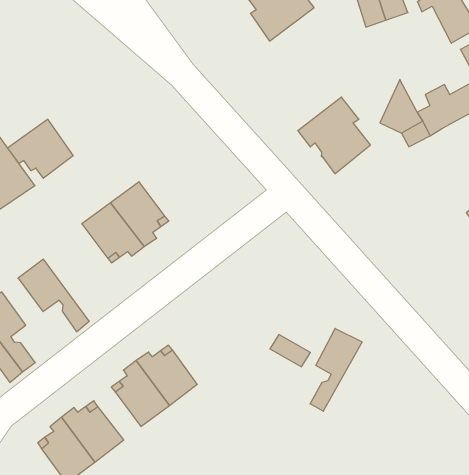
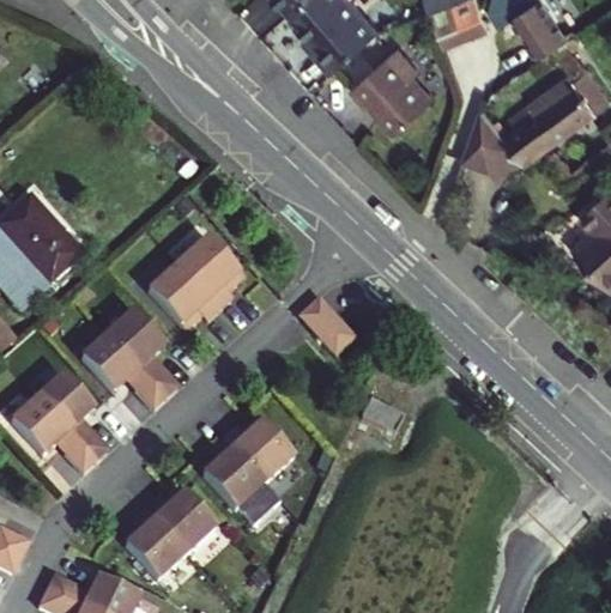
building: [298,97,370,174] -> [353,45,436,132]
building: [8,119,73,178] -> none
building: none -> [303,293,361,354]
building: none -> [104,312,175,400]
building: [310,328,362,411] -> none

